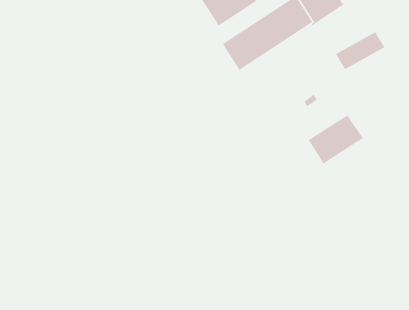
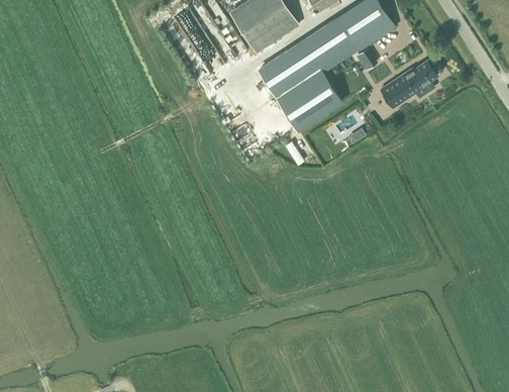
building: [308,115,364,164] -> [279,76,341,131]

